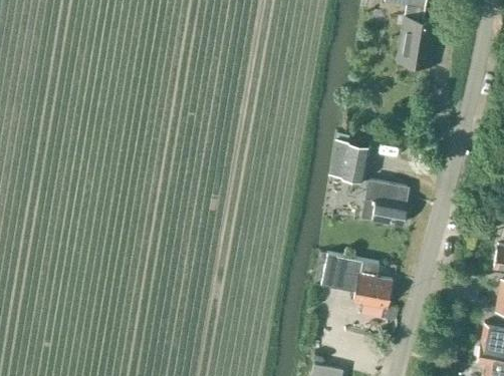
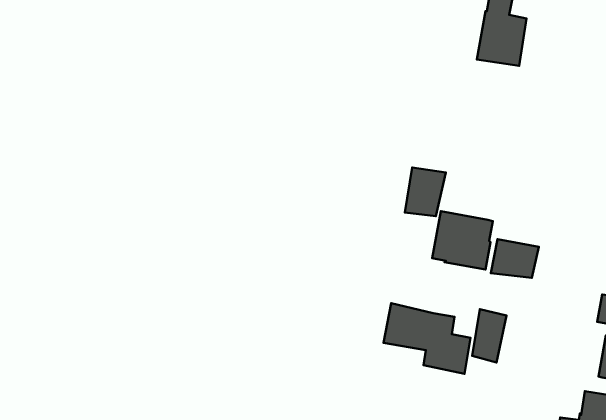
building: none -> [491,239,539,278]
building: none -> [472,309,507,363]

